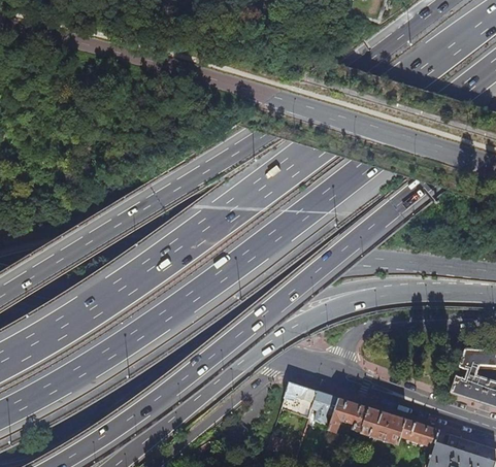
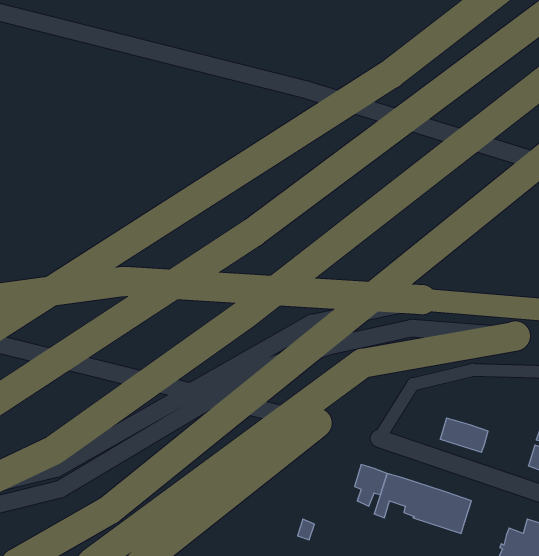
building: [282,381,319,416] -> none
building: [401,420,439,446] -> [440,418,488,452]

